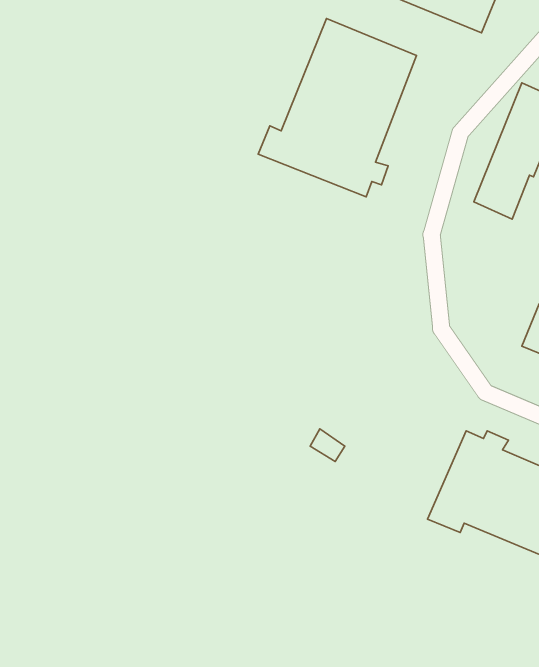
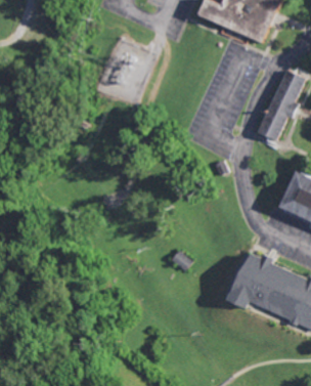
building: [258,19,417,197] -> none

